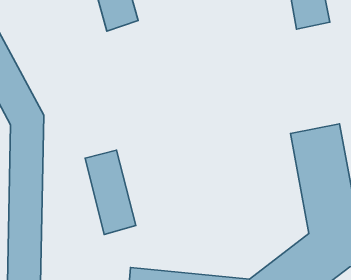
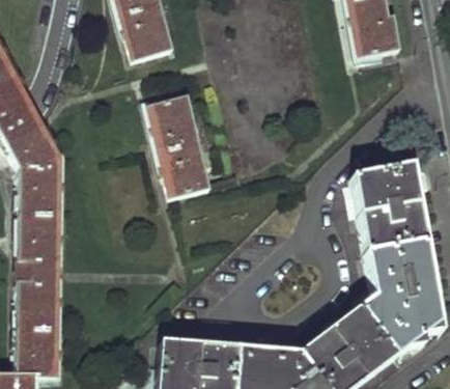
building: [85,150,136,234] -> [149,94,209,194]

